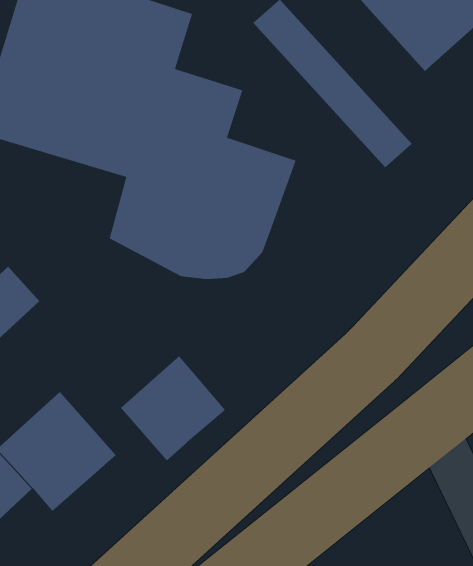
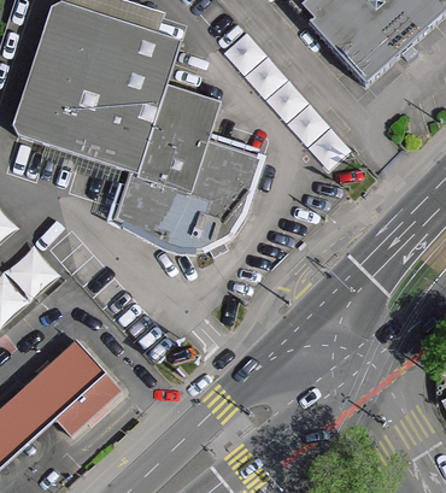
building: [120,356,226,461] -> none

